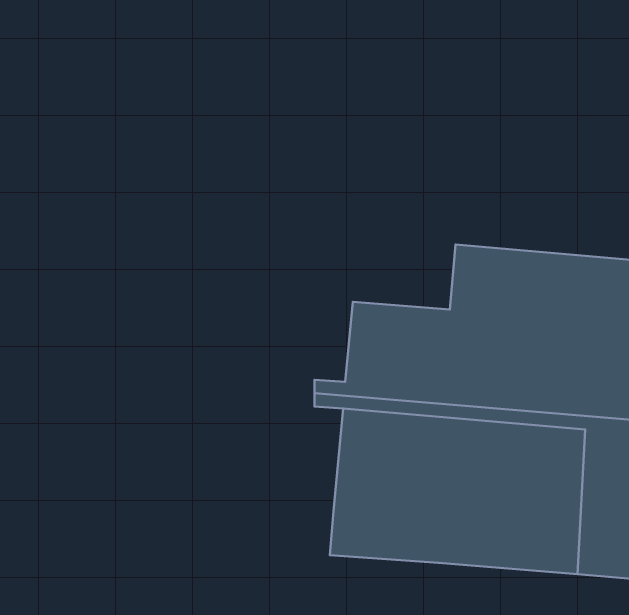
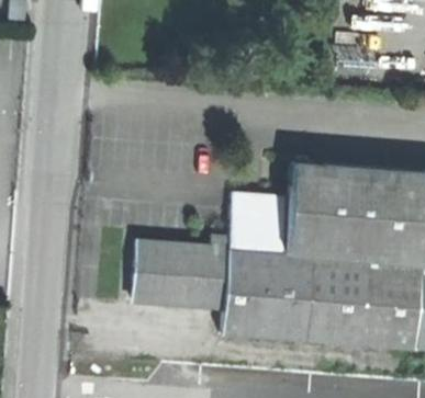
building: none -> [135,249,228,314]

